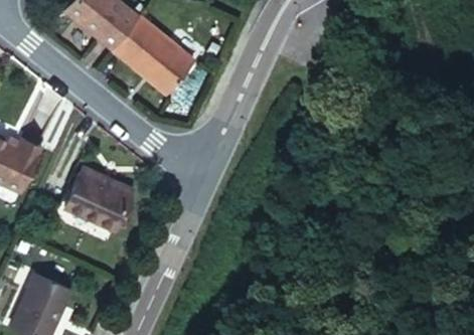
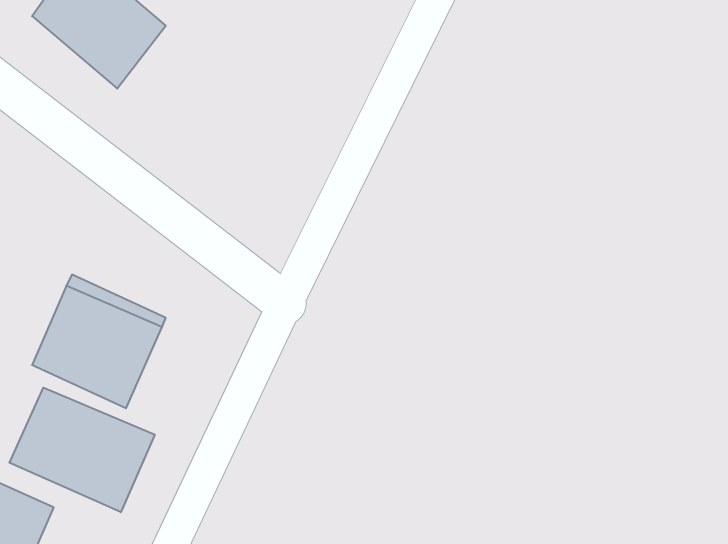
building: [111,16,196,101] -> none
building: none -> [9,388,155,512]

